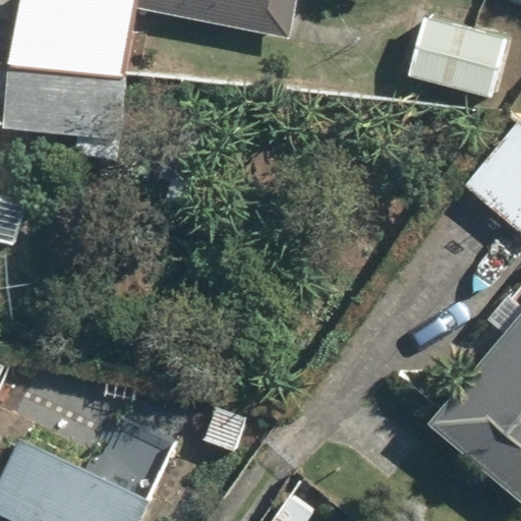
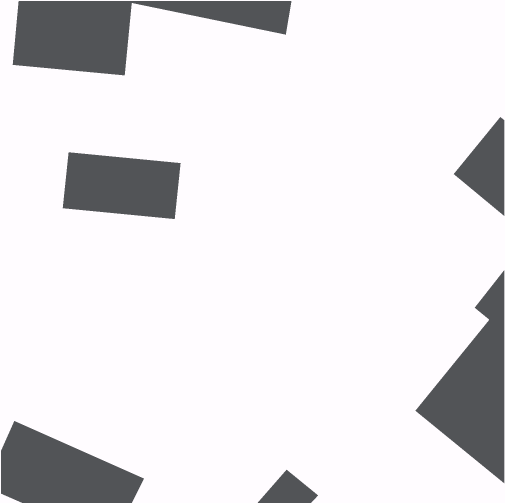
building: [401,13,512,92] -> none
building: [6,70,129,140] -> [62,151,182,220]

